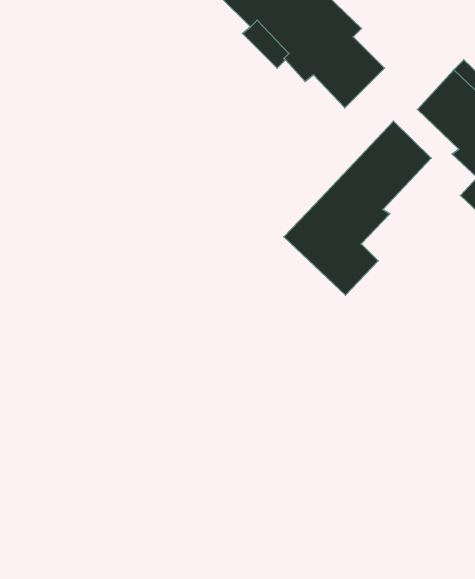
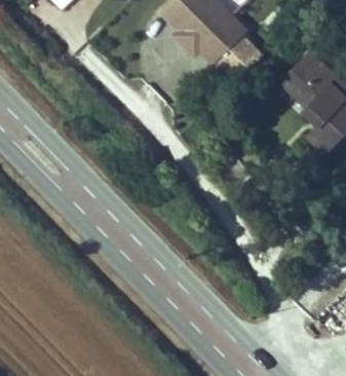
building: [284,121,431,295] -> none

